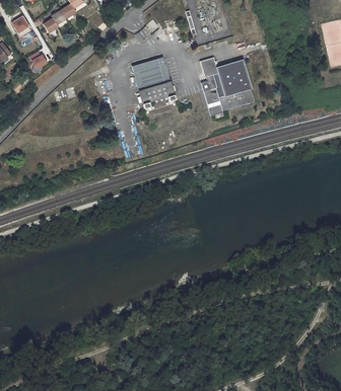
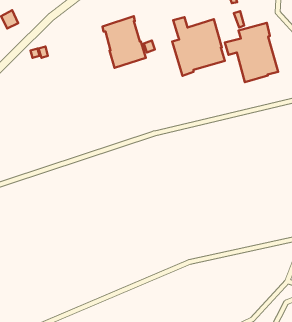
building: none -> [225,23,278,82]

